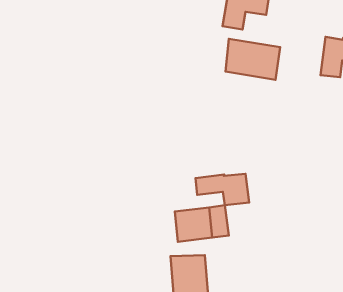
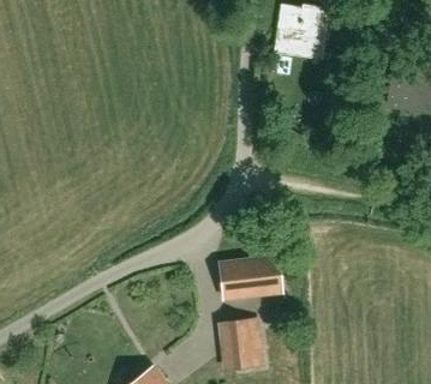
building: [225,39,280,80] -> none
building: [196,174,249,205] -> none

